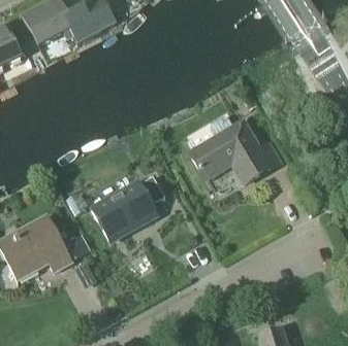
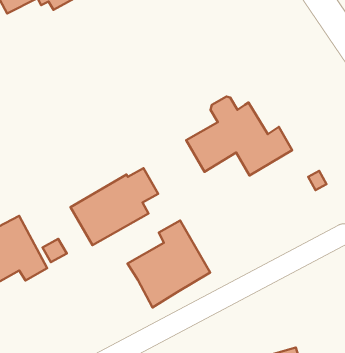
building: none -> [128,221,210,308]

